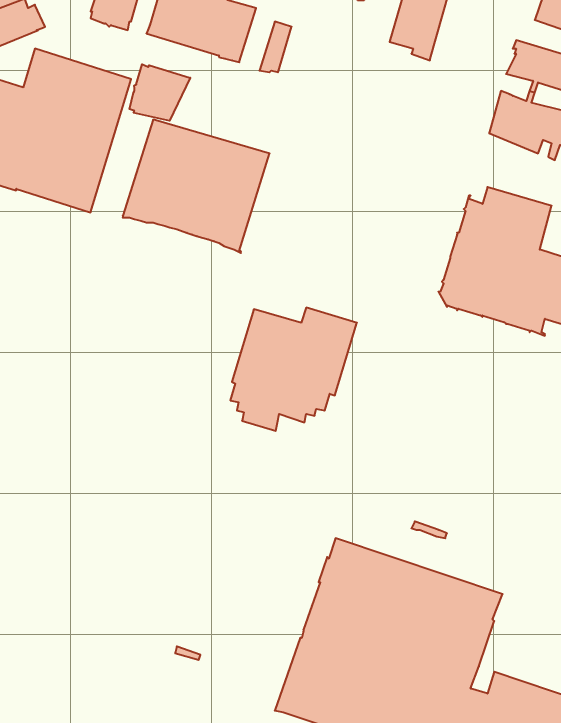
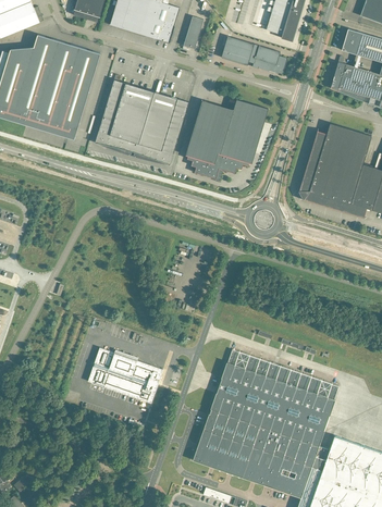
building: none -> [220,36,286,74]
building: [129,64,190,121] -> none
building: [230,308,357,431] -> [186,99,268,178]
building: none -> [87,347,162,403]

